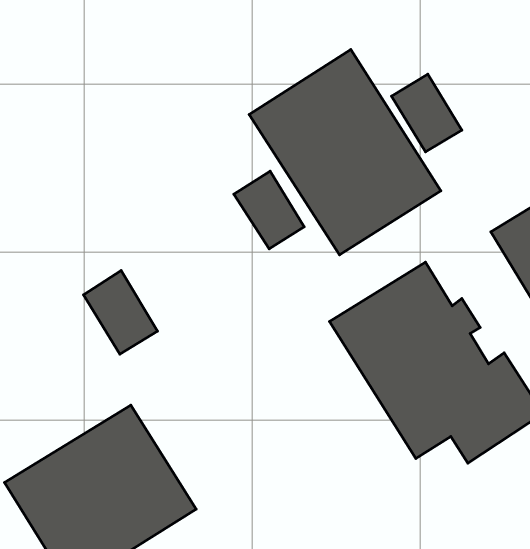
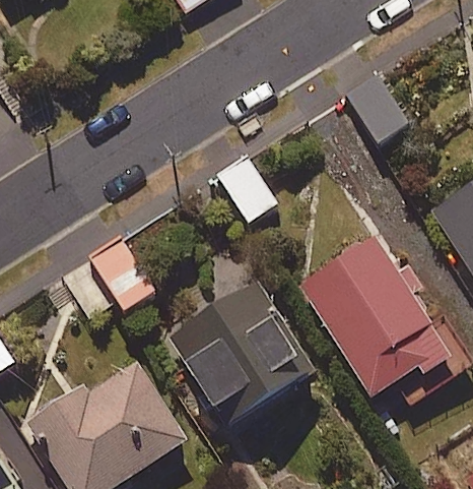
building: [249,49,441,255] -> none
building: none -> [167,282,310,426]

